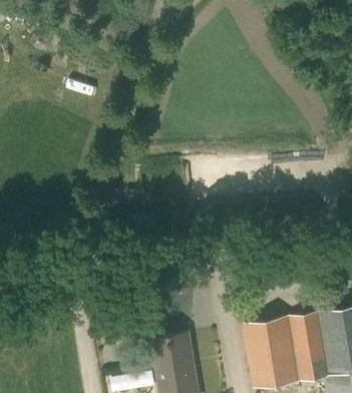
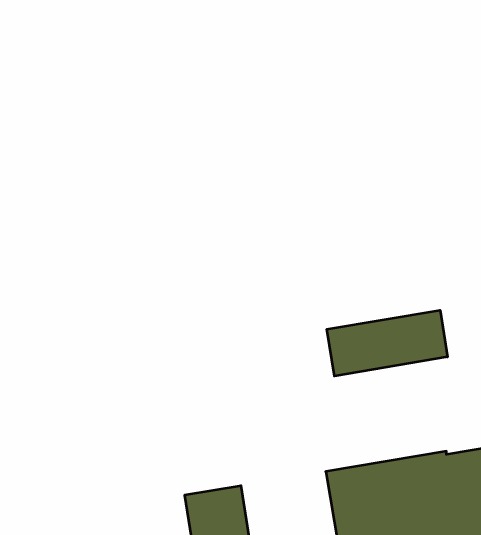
building: none -> [327,310,447,376]

